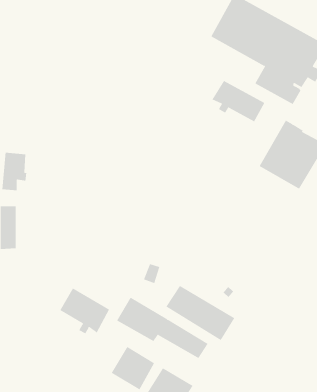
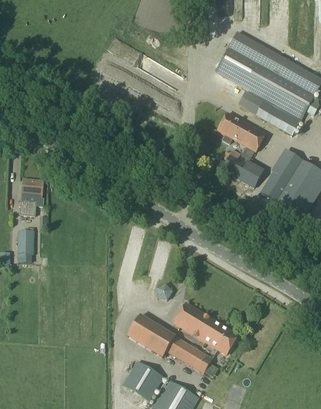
building: none -> [222,153,264,187]
building: [59,287,110,334] -> none

